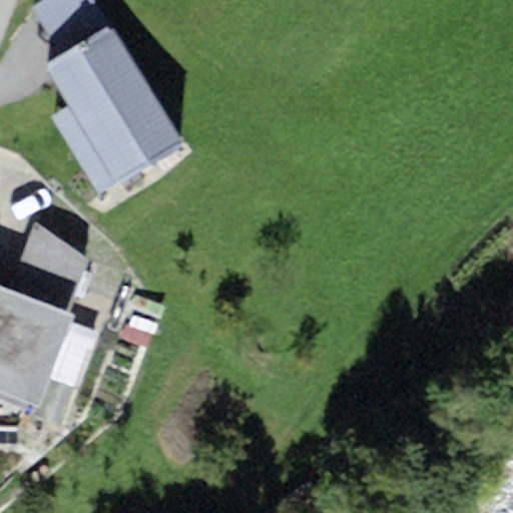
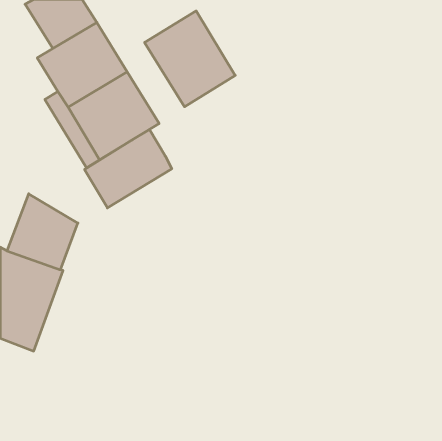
building: none -> [145,11,235,107]
building: none -> [85,130,172,208]

